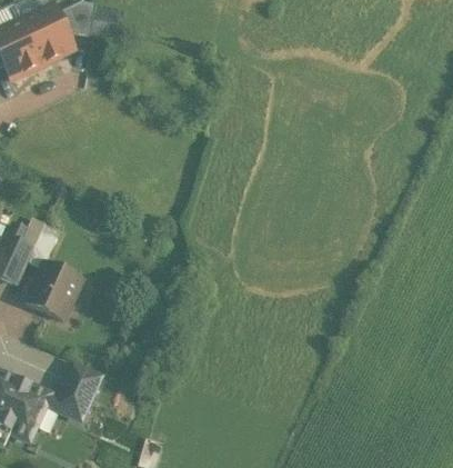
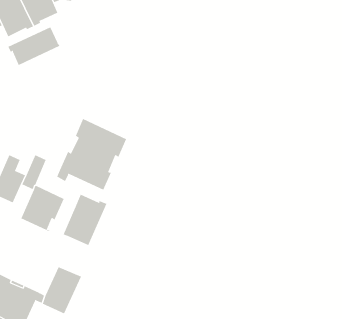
building: none -> [8,27,60,66]
building: none -> [57,118,127,191]
building: none -> [63,194,107,246]

